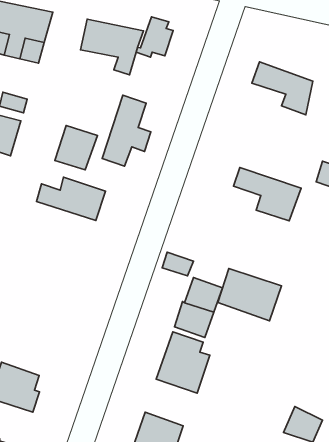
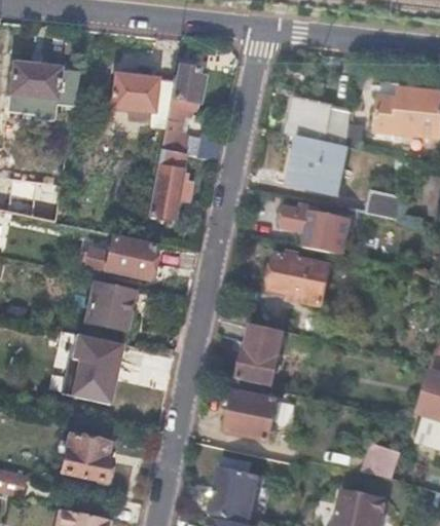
building: none -> [159,102,201,155]
building: none -> [288,135,347,194]
building: [55,125,98,170] -> none
building: none -> [82,286,134,330]
building: [218,269,282,321] -> [268,255,331,303]
building: none -> [74,337,121,409]

